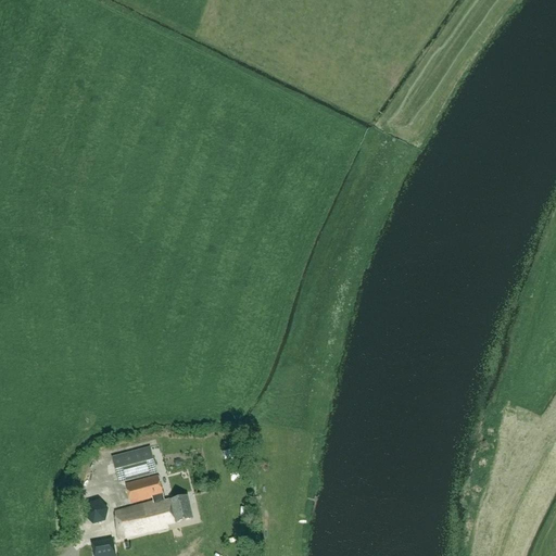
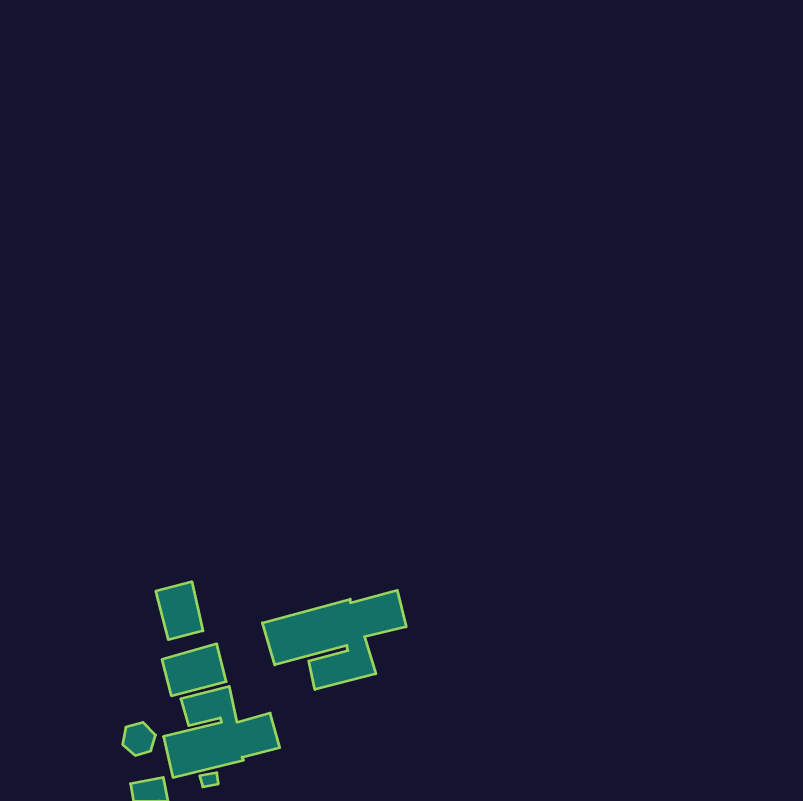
building: none -> [156,582,203,640]
building: none -> [262,590,406,690]

